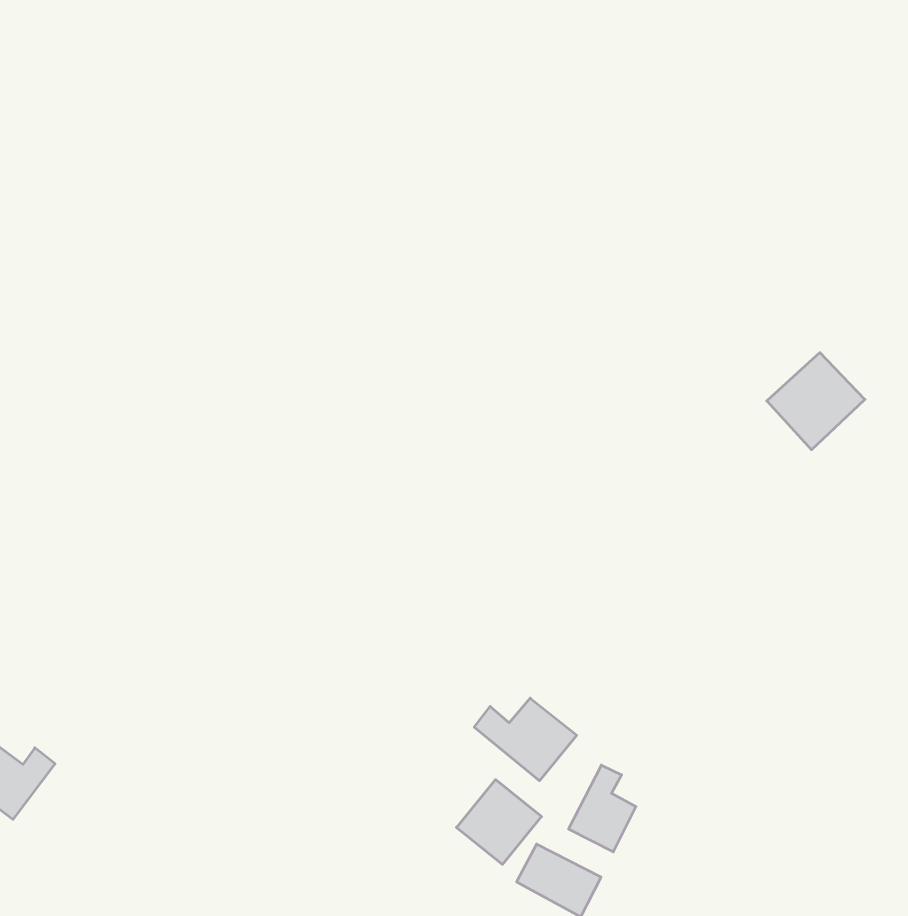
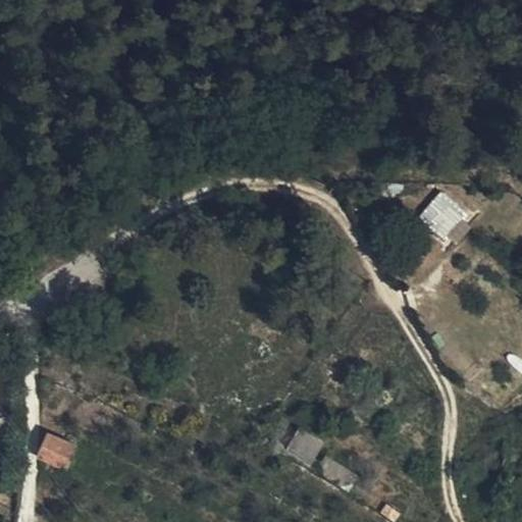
building: [474,698,577,781] -> none
building: [569,765,636,852] -> none

